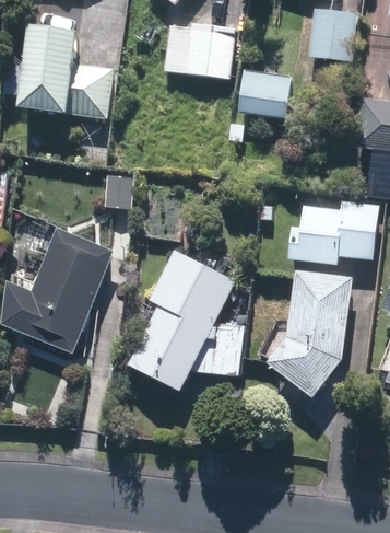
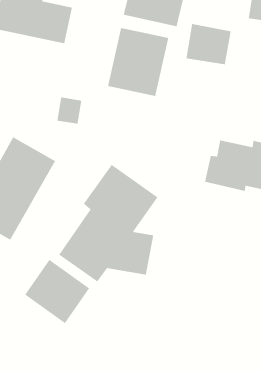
building: none -> [107,27,169,97]
building: [264,269,350,395] -> none
building: none -> [24,259,90,324]

